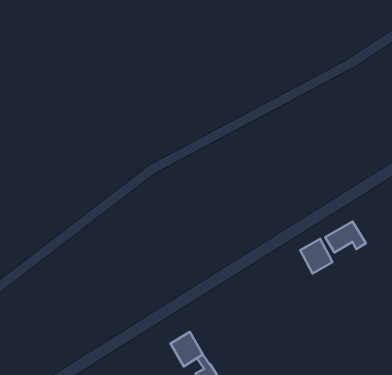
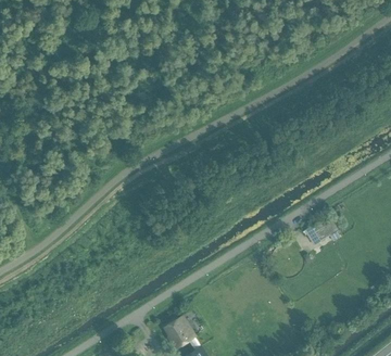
building: [300,239,333,273] -> none

